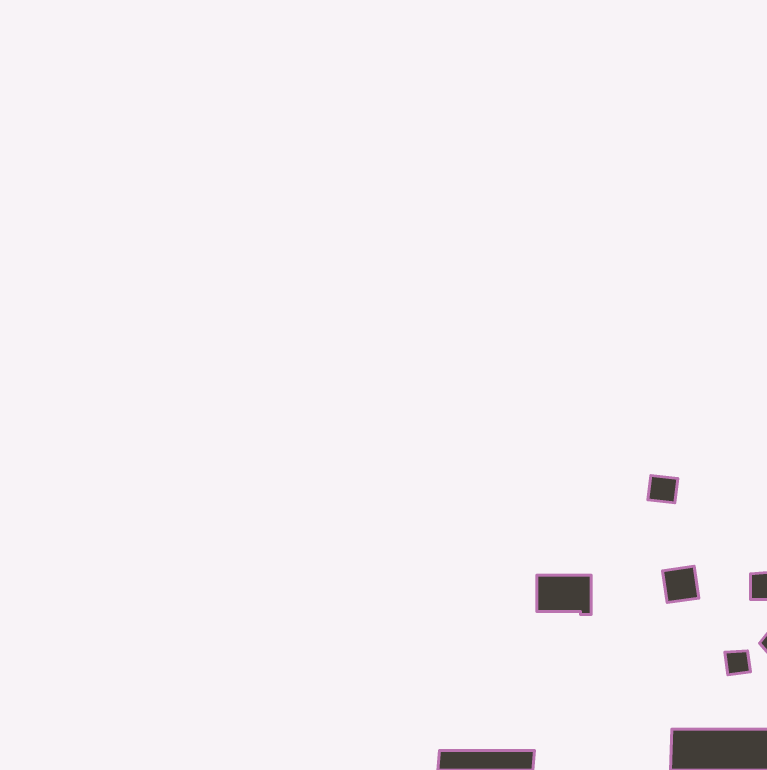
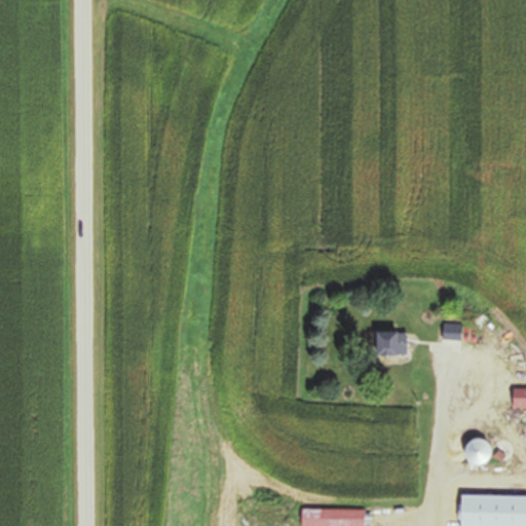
building: [663,566,699,603] -> [466,440,491,464]
building: [537,575,591,614] -> [373,333,410,360]

